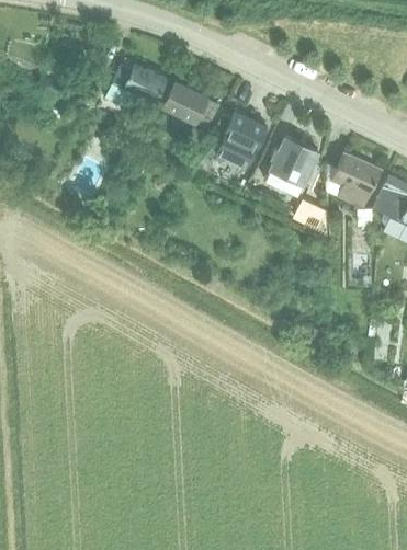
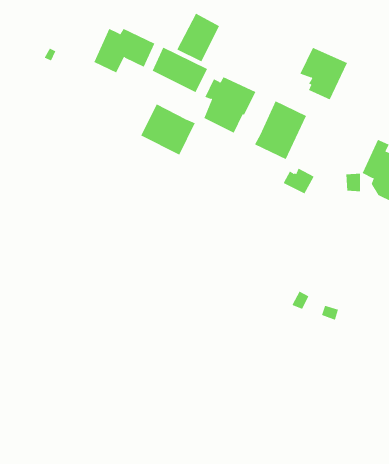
building: none -> [177,13,220,62]
building: none -> [140,103,196,155]
building: [332,152,381,205] -> [299,47,348,100]

